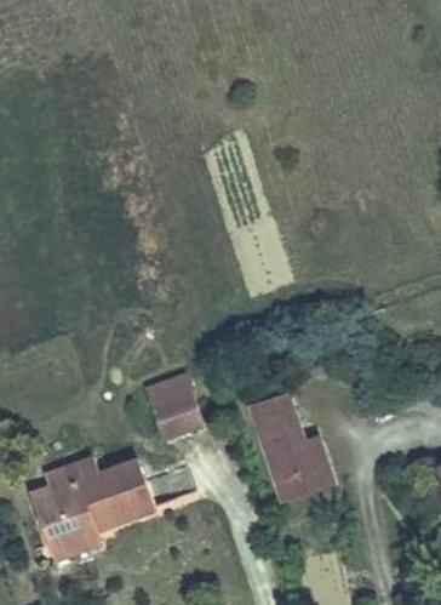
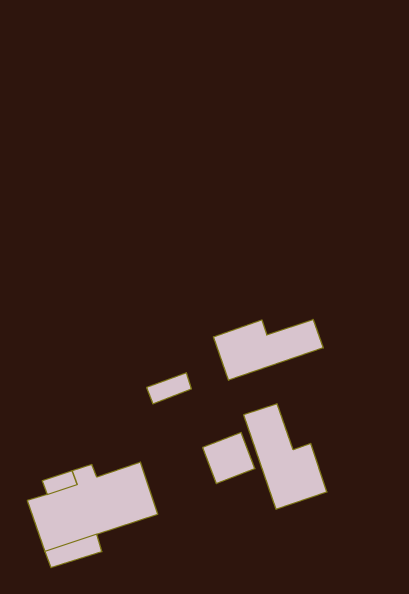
building: none -> [214,319,323,380]
building: [160,386,211,435] -> [203,433,255,484]

